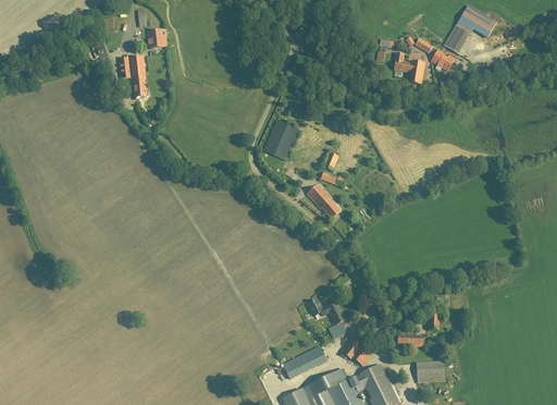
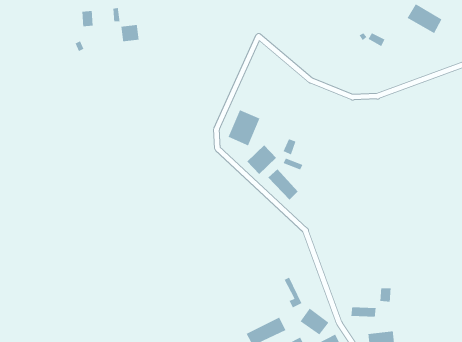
building: [433,25,469,71] -> none
building: [393,51,425,83] -> none
building: [119,54,147,97] -> none
building: none -> [246,145,277,175]

